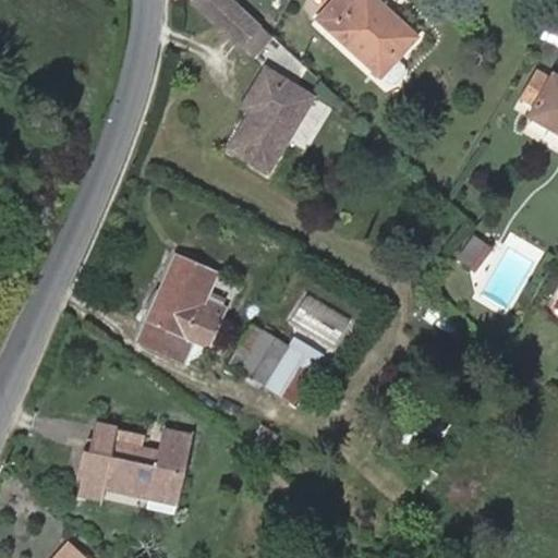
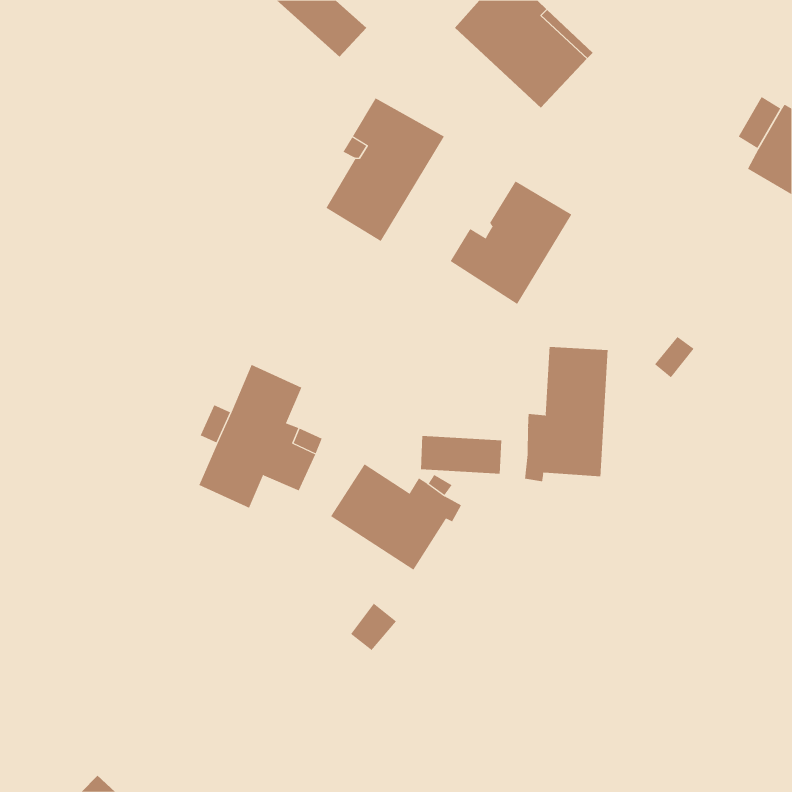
building: none -> [450,180,572,305]
building: none -> [524,346,608,482]
building: [78,424,193,501] -> none

